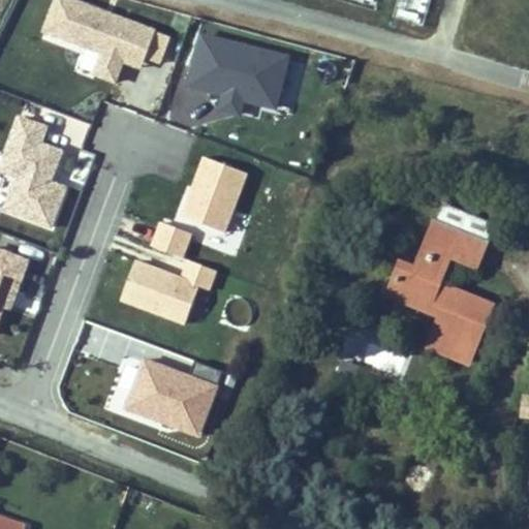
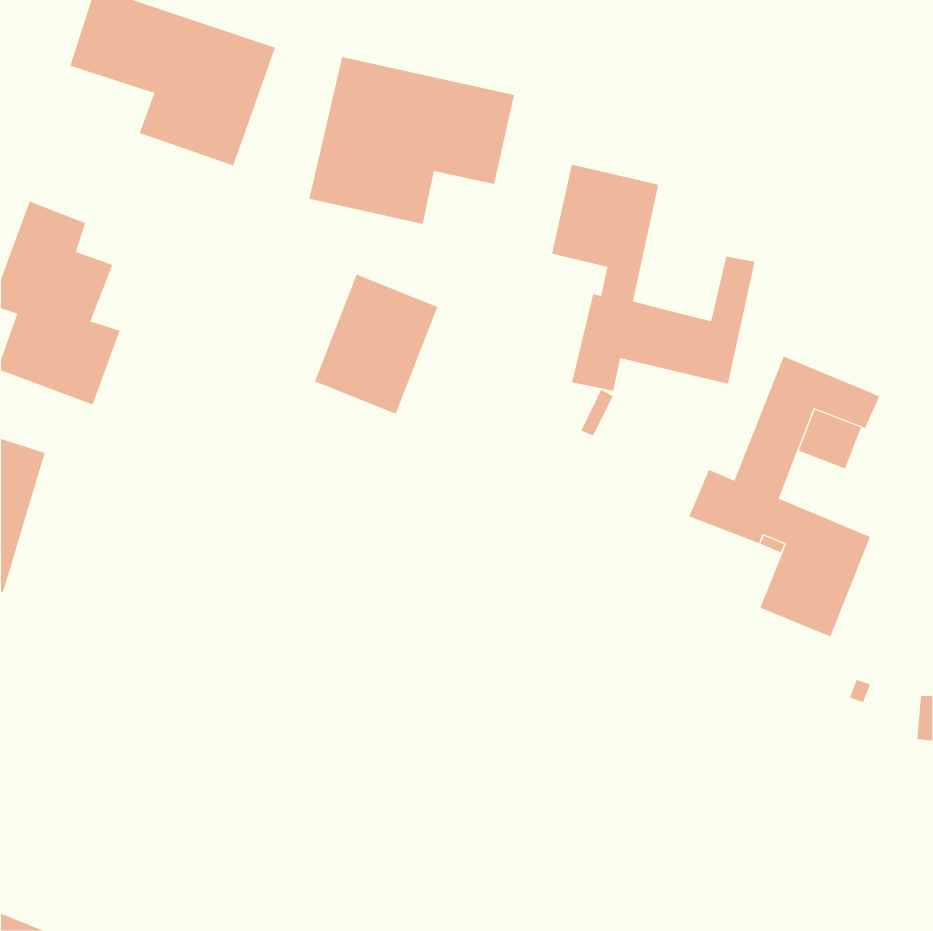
building: none -> [551,164,755,391]
building: [116,221,217,324] -> none
building: [101,359,221,437] -> none

